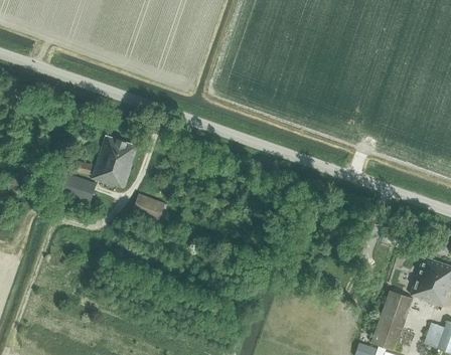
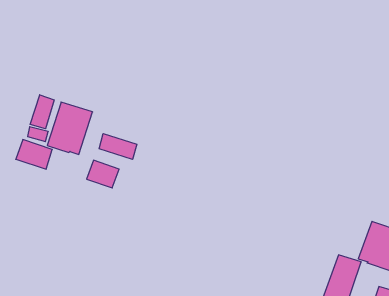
building: none -> [30,95,54,129]
building: none -> [99,134,137,159]

